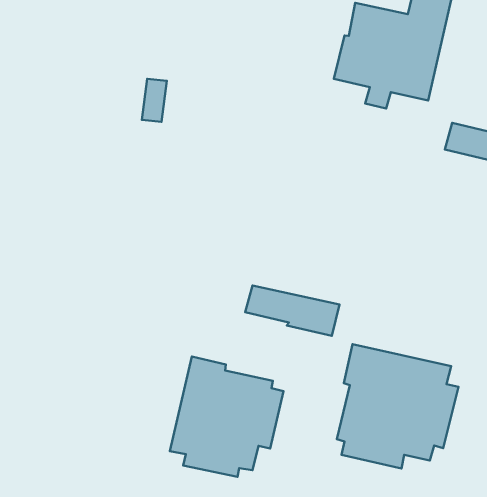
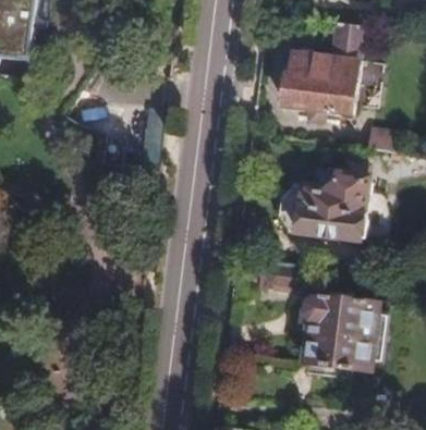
building: none -> [276,161,386,241]
building: [170,356,283,477] -> none

